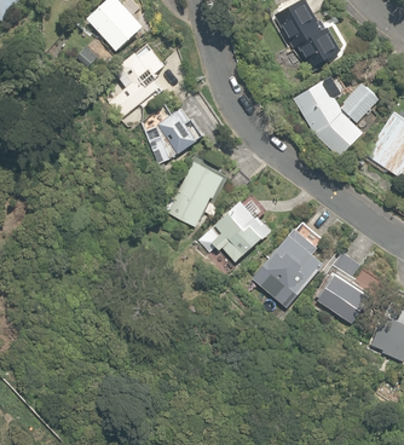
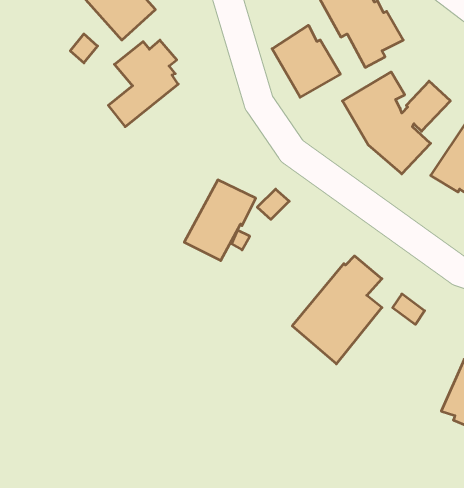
building: none -> [272,25,340,97]
building: [144,109,202,162] -> none
building: [196,192,270,260] -> none
building: [312,267,370,322] -> none

